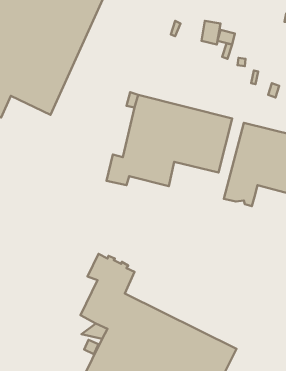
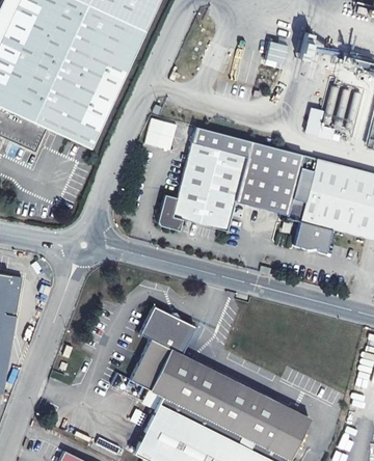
building: none -> [144,117,177,151]

